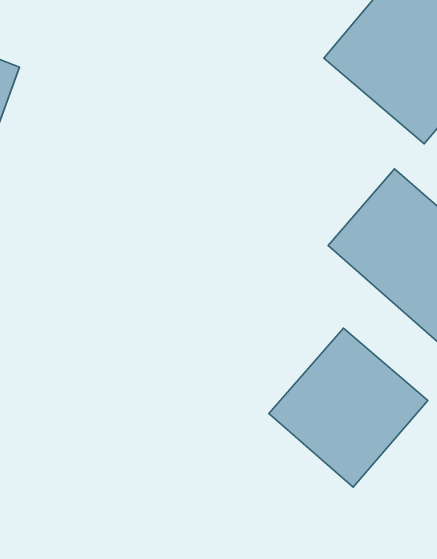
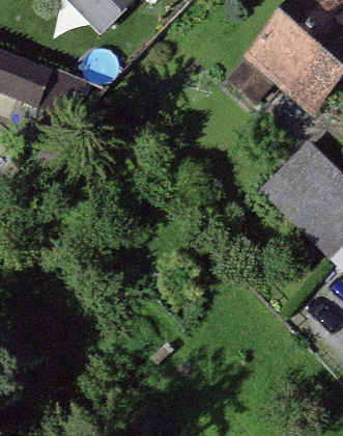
building: [269,328,428,487] -> none

